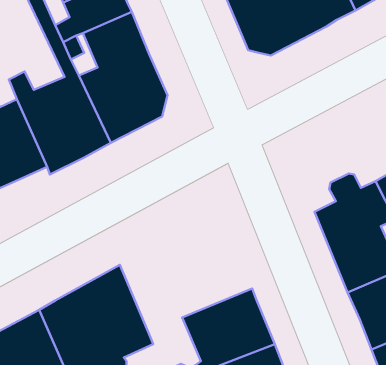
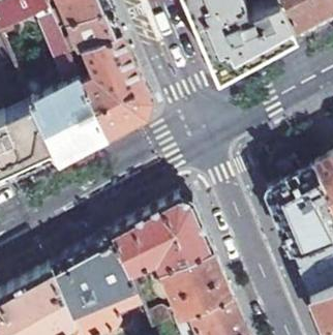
building: none -> [113,199,216,291]

